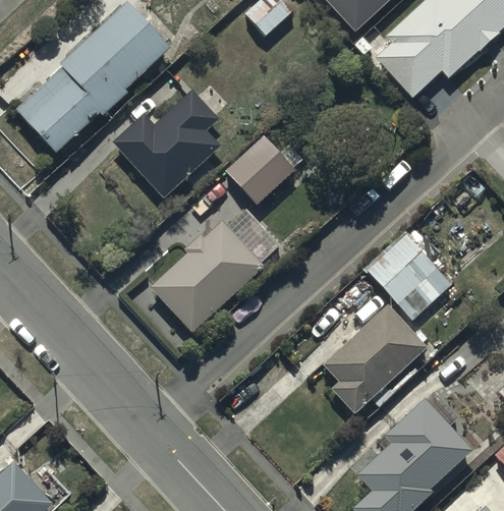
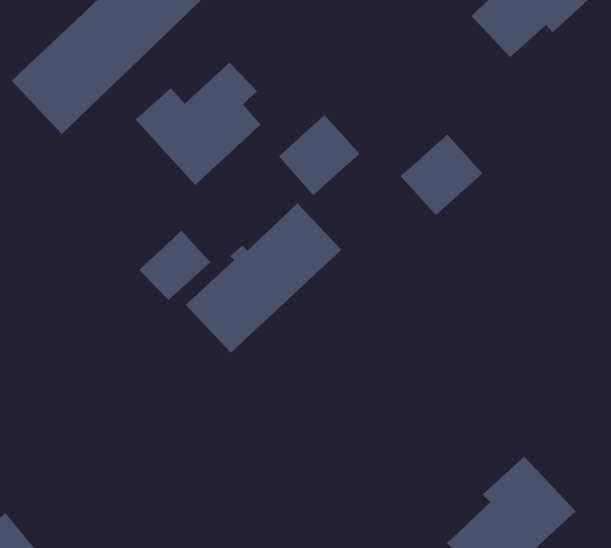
building: none -> [139,230,211,301]
building: [370,238,436,303] -> [400,134,483,216]
building: [326,310,424,412] -> none

